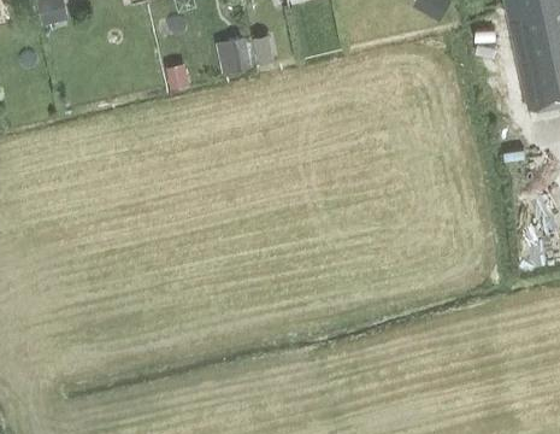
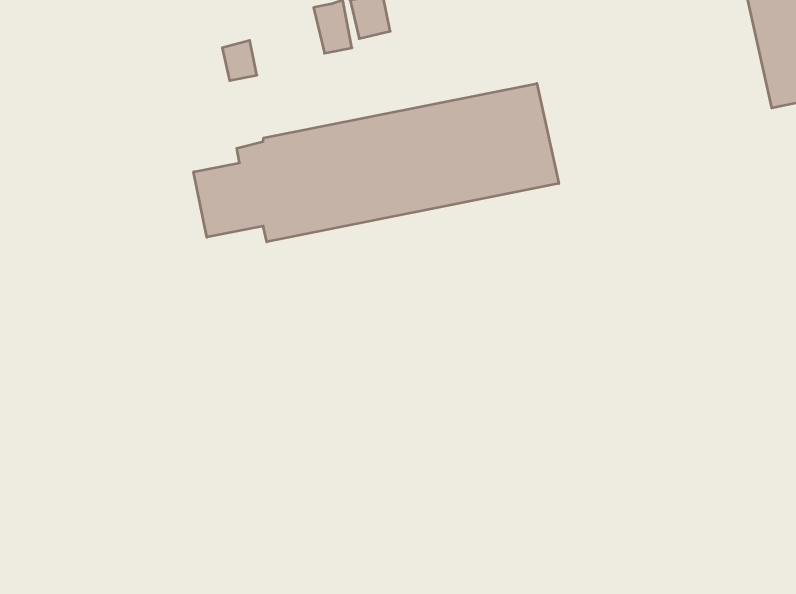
building: none -> [194,83,559,242]

